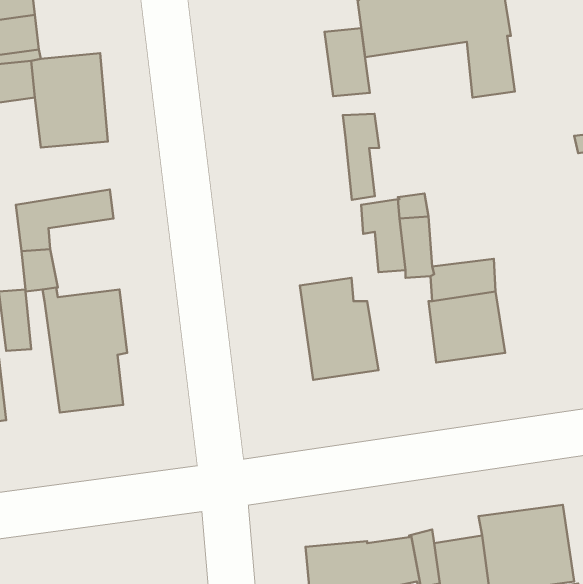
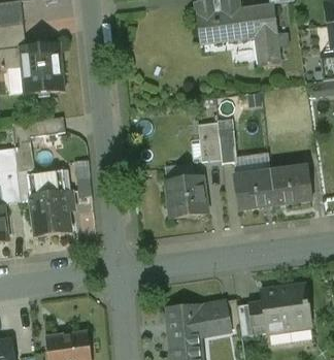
building: [325,28,370,96] -> none
building: [343,114,379,200] -> none
building: none -> [270,166,312,203]

